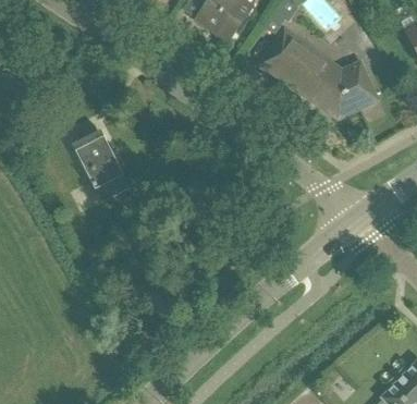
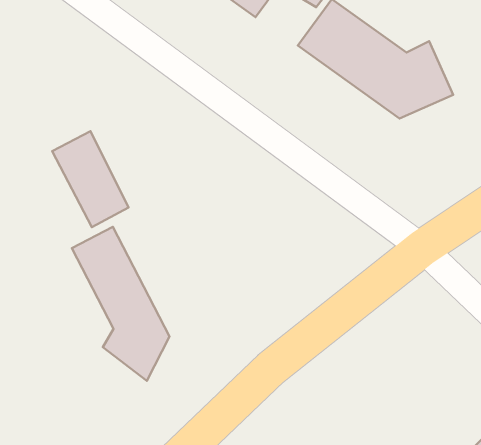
building: none -> [72,227,170,381]

